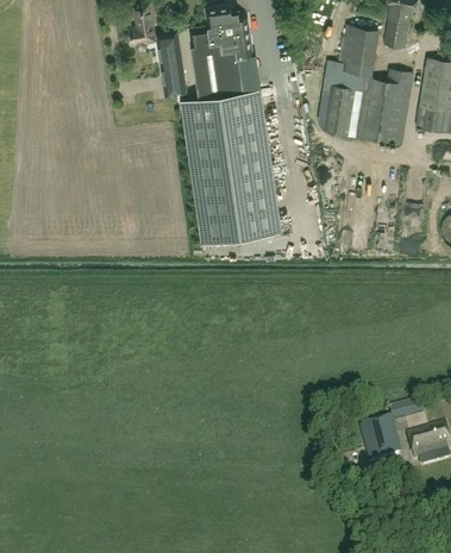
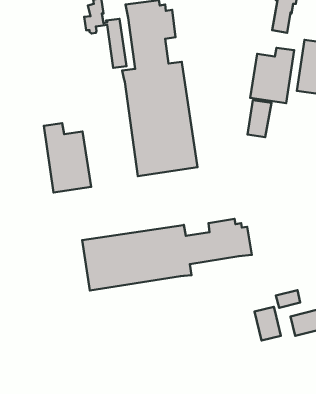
building: [339,26,377,76] -> none
building: [322,87,355,137] -> [248,100,271,137]
building: none -> [44,123,91,192]
building: none -> [82,219,252,290]

